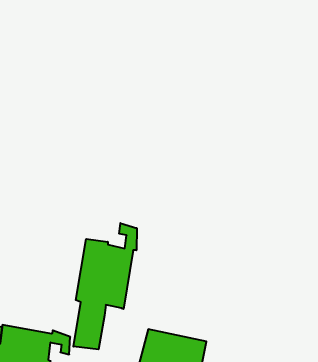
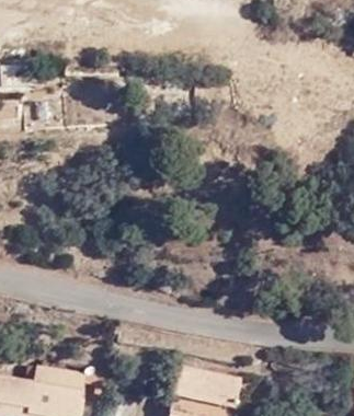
building: [73,223,137,349] -> none

